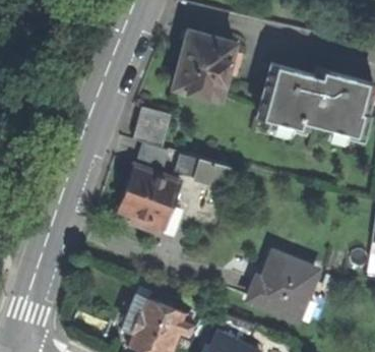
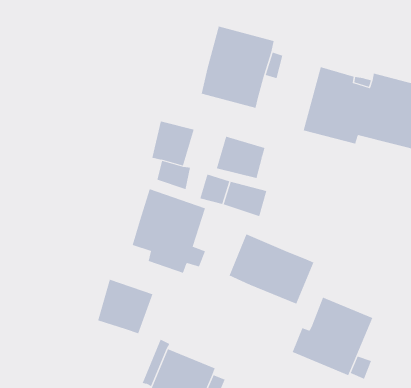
building: none -> [216,136,265,179]
building: none -> [229,234,314,304]
building: none -> [98,279,153,334]

